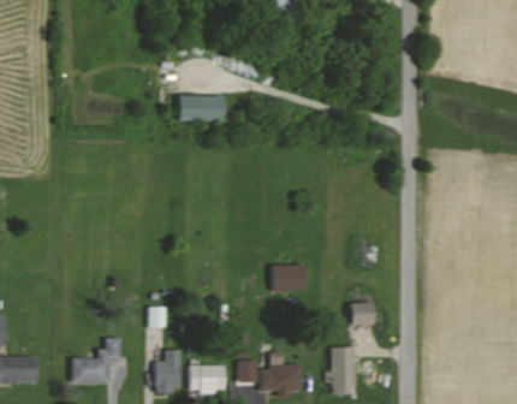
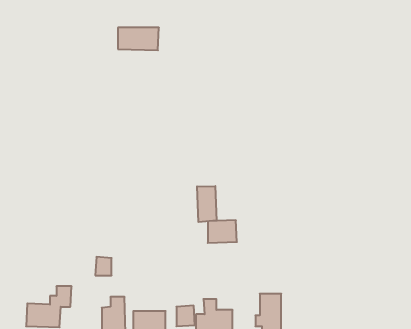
building: [179,95,225,120] -> [118,28,159,50]
building: none -> [197,186,217,222]
building: [350,302,374,325] -> none

